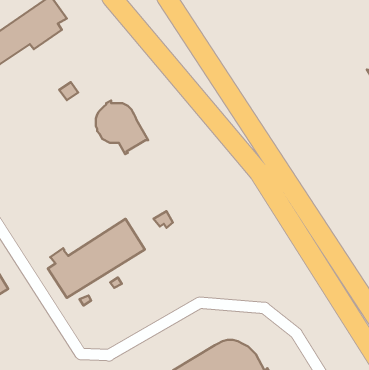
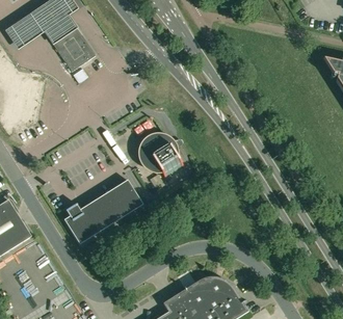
building: none -> [52,25,96,71]
building: [96,101,148,154] -> [141,134,184,178]

